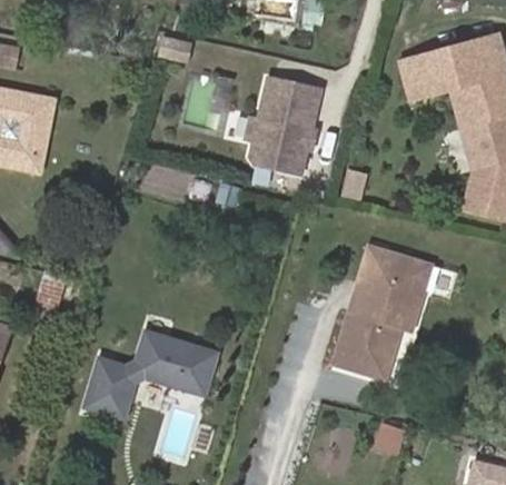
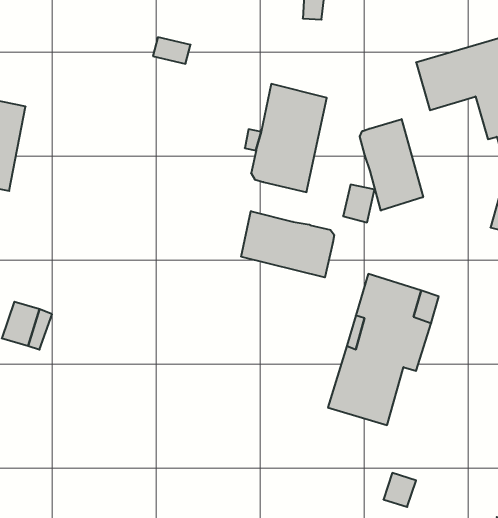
building: none -> [360,119,423,211]
building: none -> [241,211,334,277]
building: [85,336,216,420] -> none

